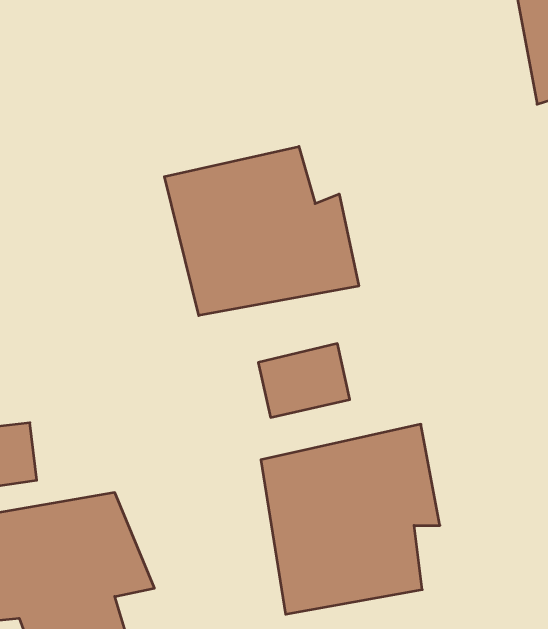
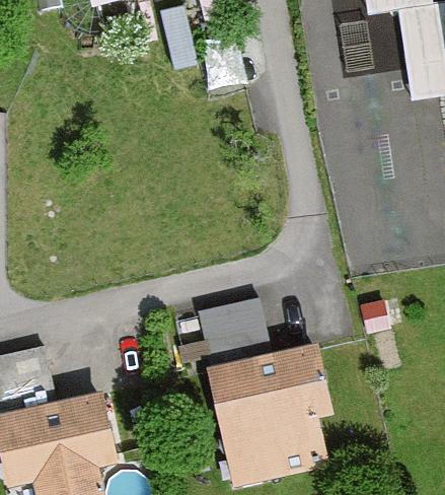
building: [164,146,359,316] -> none

